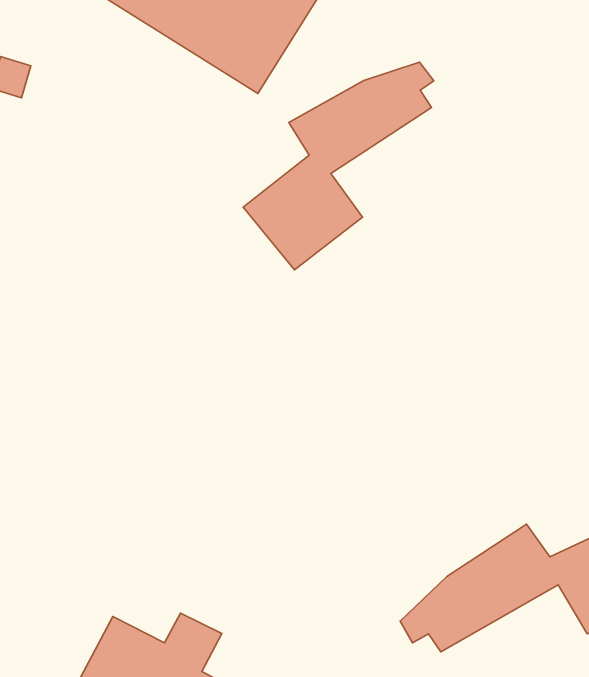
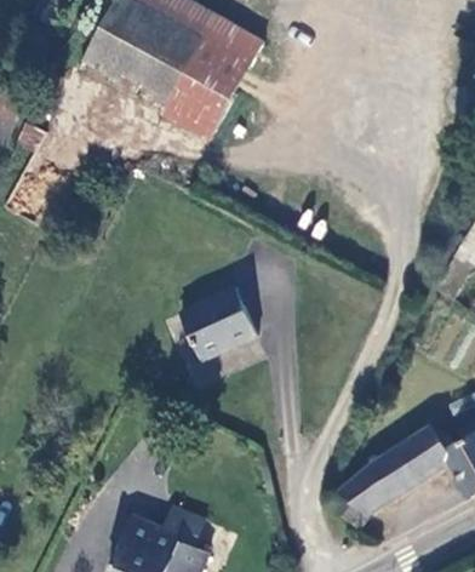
building: [243,62,434,270] -> none
building: none -> [179,279,256,356]

